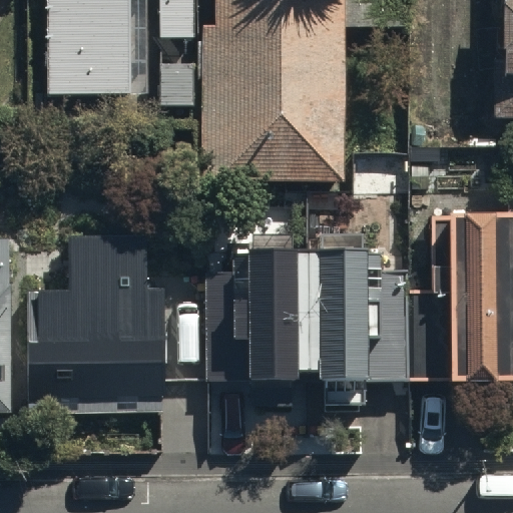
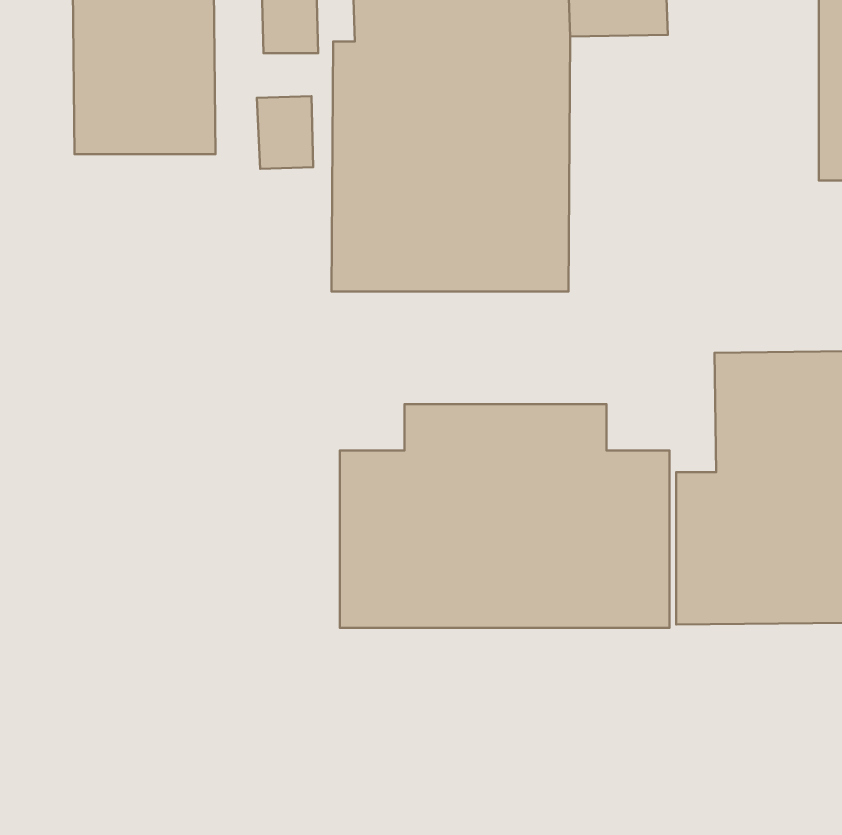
building: [30,239,163,408] -> none

